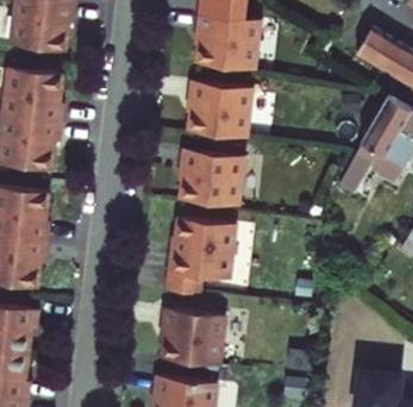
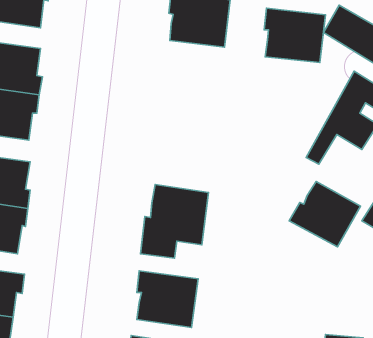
building: [187,81,251,138] -> [264,8,325,63]
building: [180,145,245,205] -> none
building: none -> [289,182,360,247]

